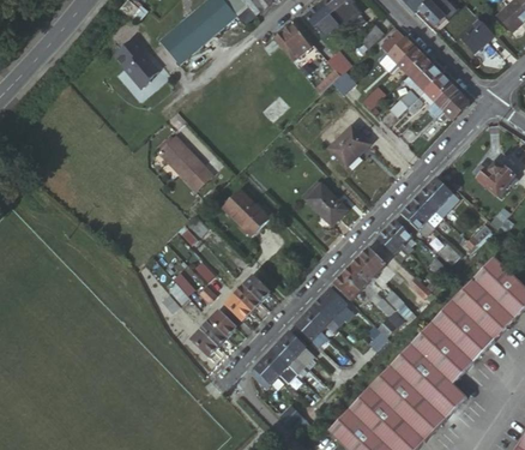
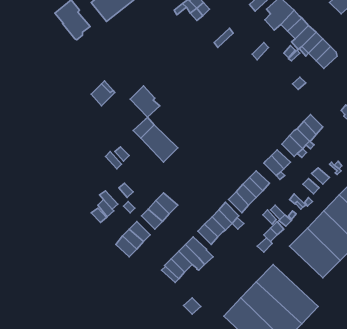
building: [328,127,368,167] -> none
building: [174,150,211,190] -> [130,86,160,117]
building: [306,184,346,224] -> none
building: [390,343,467,419] -> none

